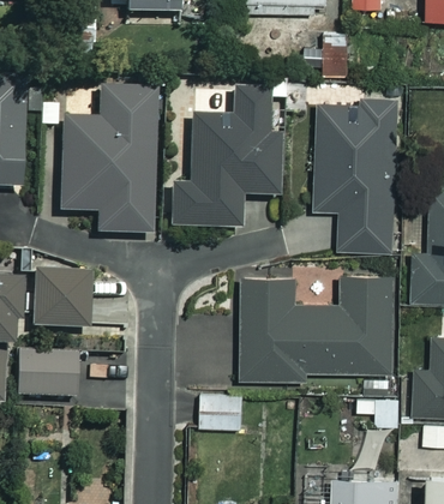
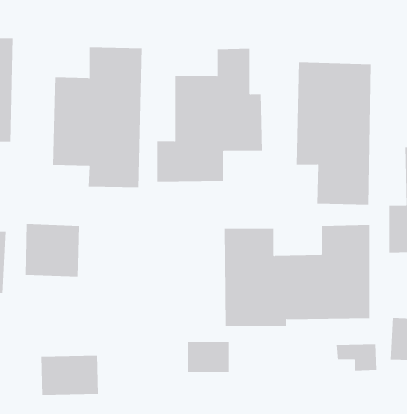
building: [18,353,79,395] -> [41,355,99,395]

